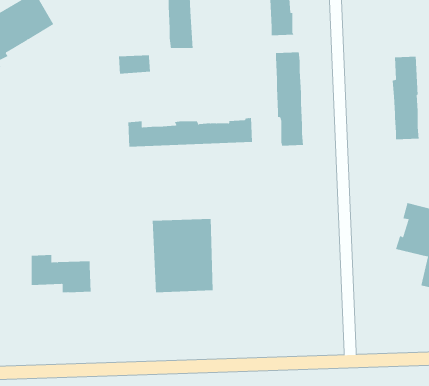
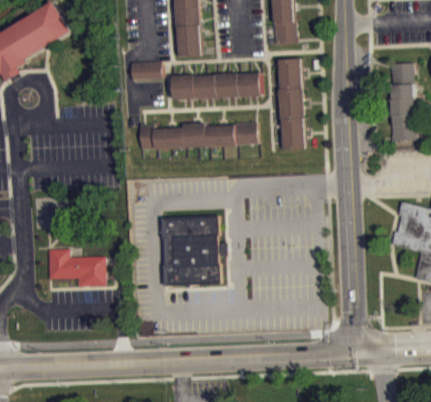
building: none -> [171,74,260,101]

